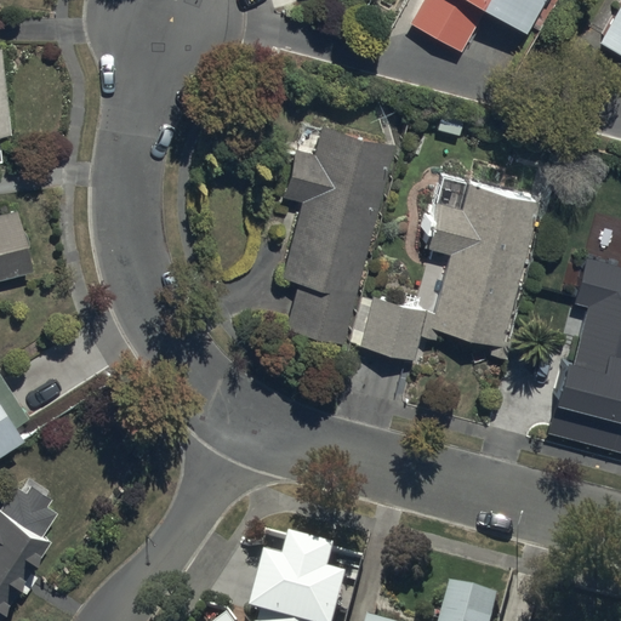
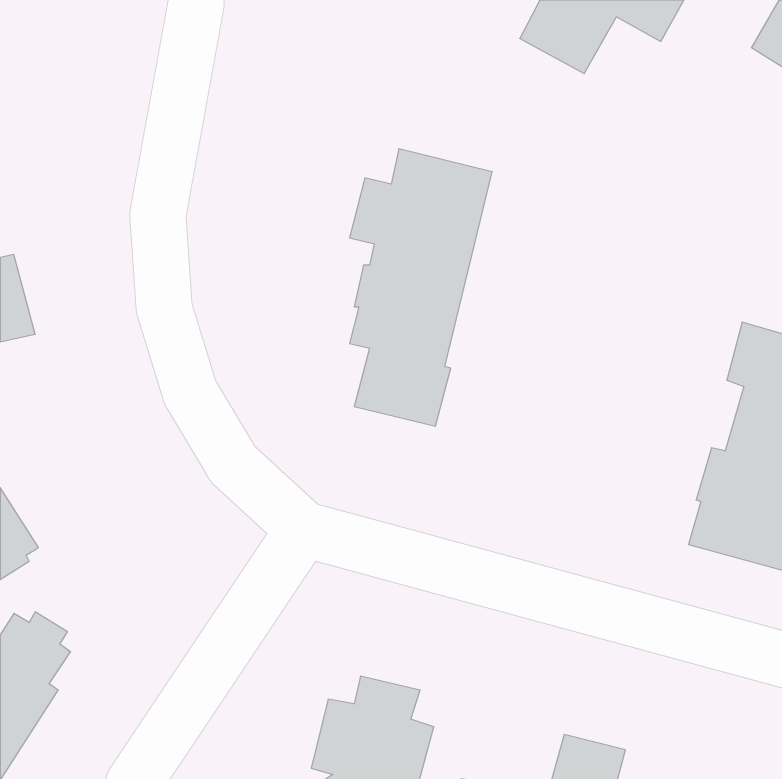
building: [346,177,536,358] -> none

